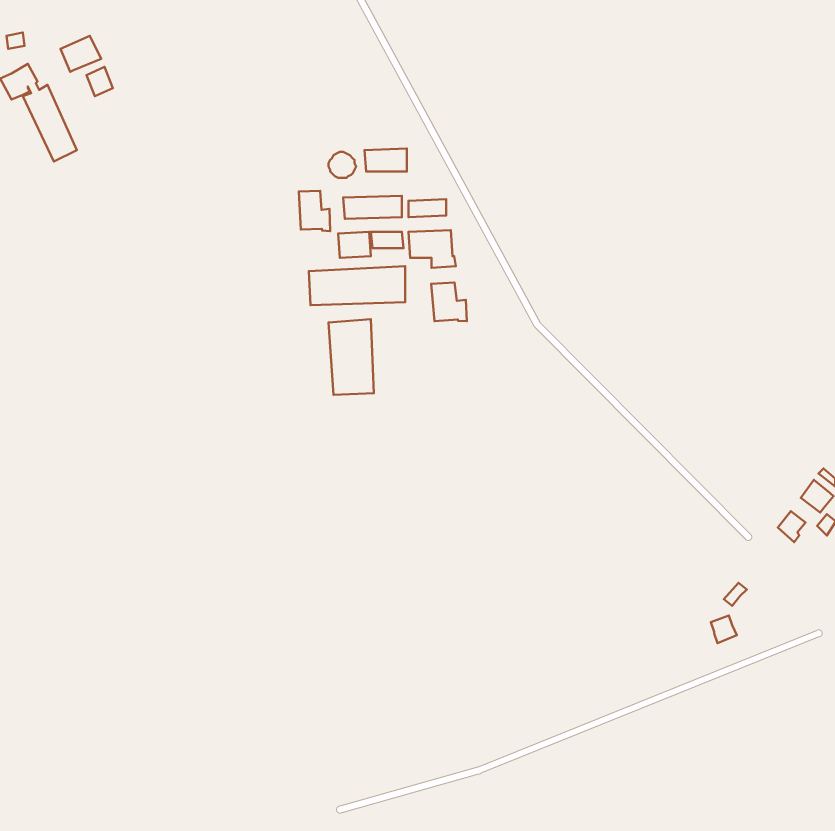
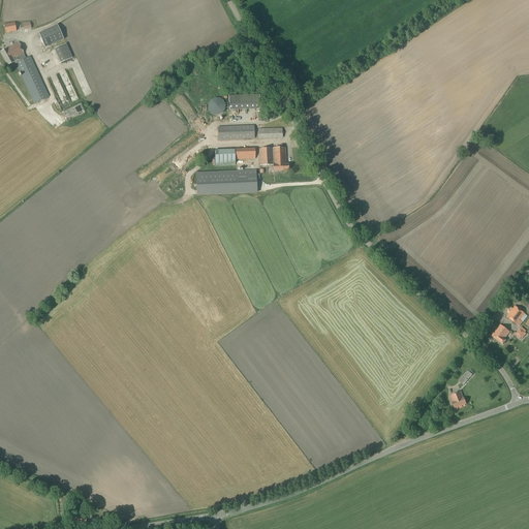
building: [299,191,330,231] -> none
building: [431,282,467,321] -> none
building: [329,319,374,395] -> none

